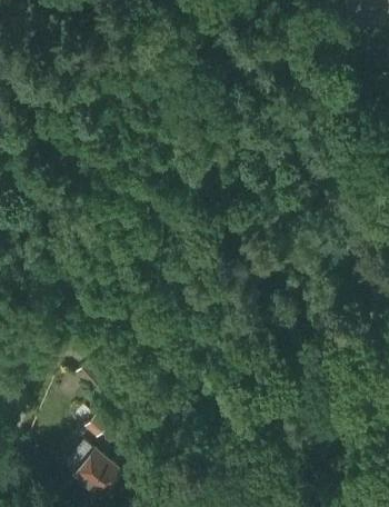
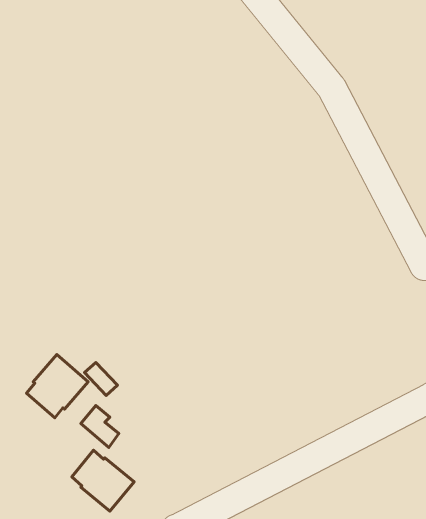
building: none -> [27,355,88,418]

